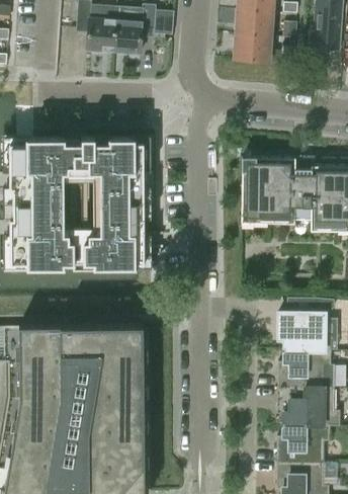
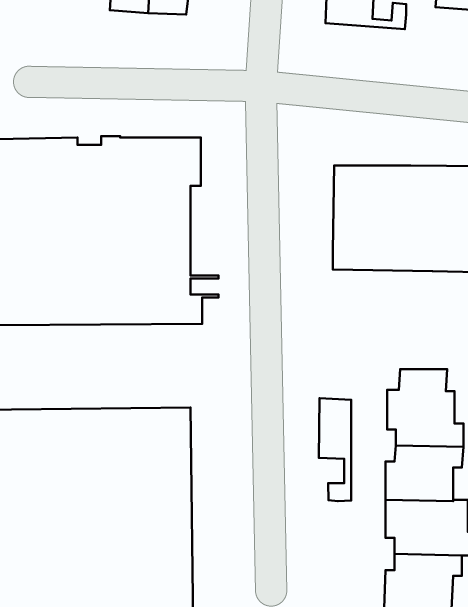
building: none -> [319,398,351,501]

